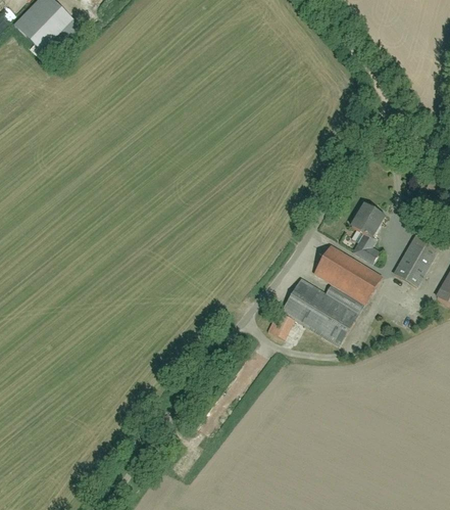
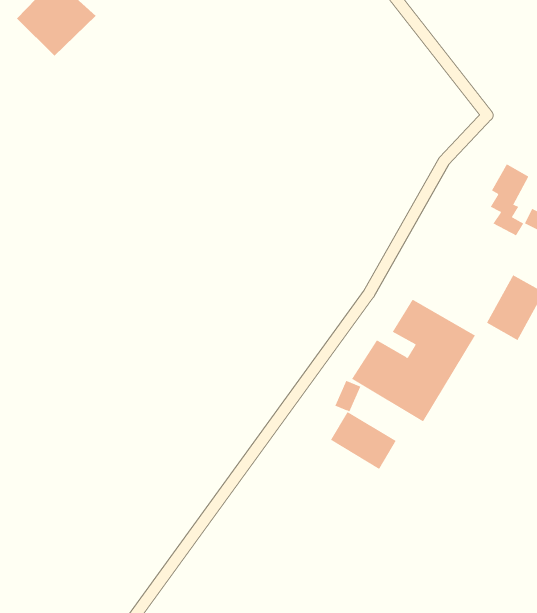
building: [353,206,385,265] -> [490,164,529,236]
building: none -> [330,411,396,470]

